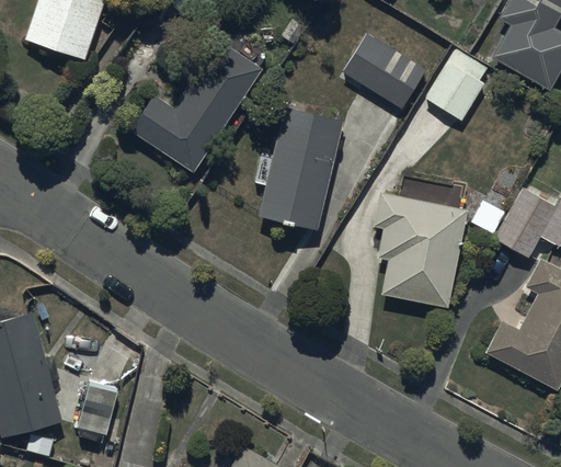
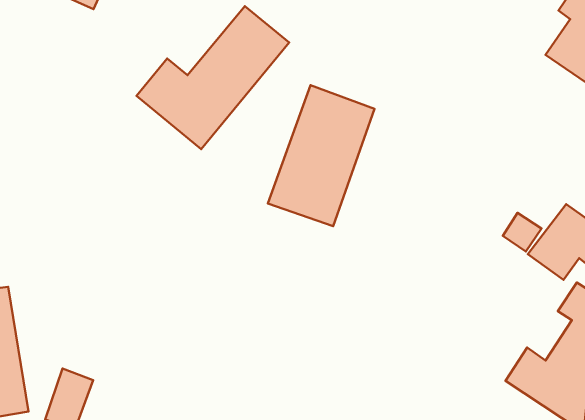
building: [342,34,425,109] -> none
building: [425,49,488,122] -> none
building: [373,176,467,309] -> none

